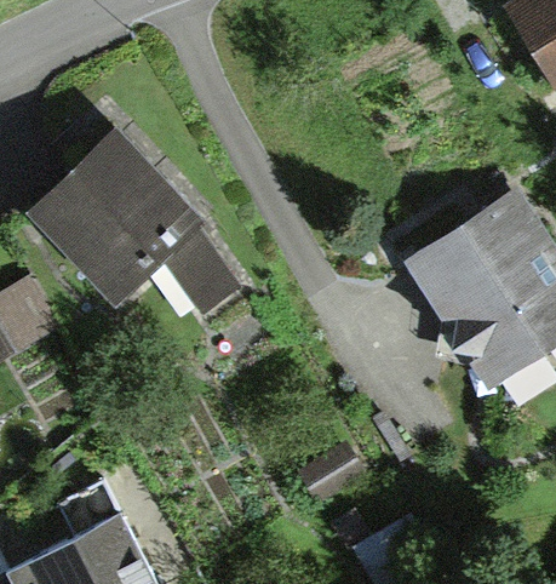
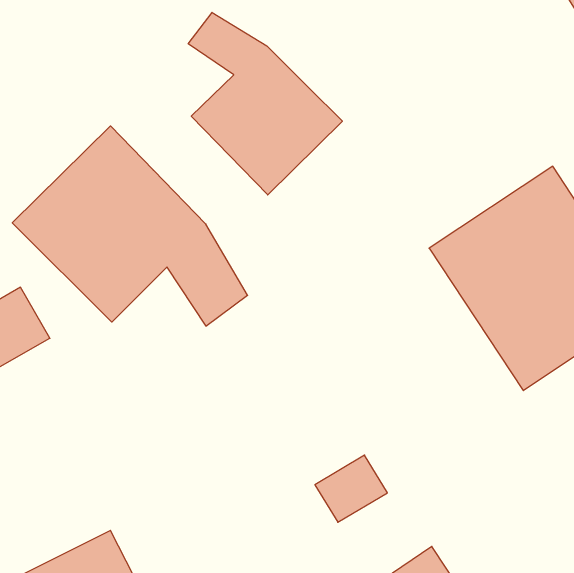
building: none -> [188,12,342,195]

